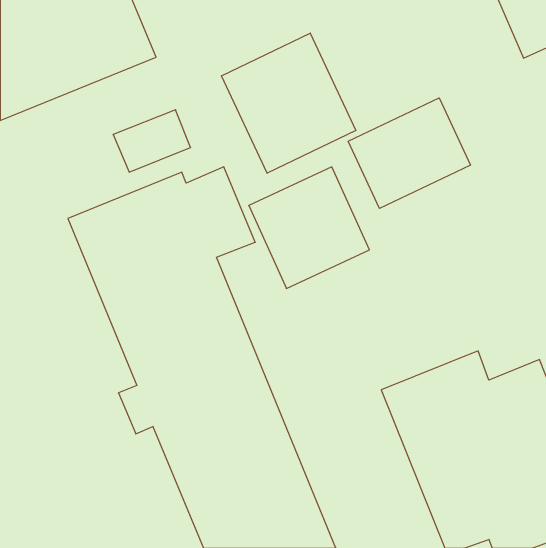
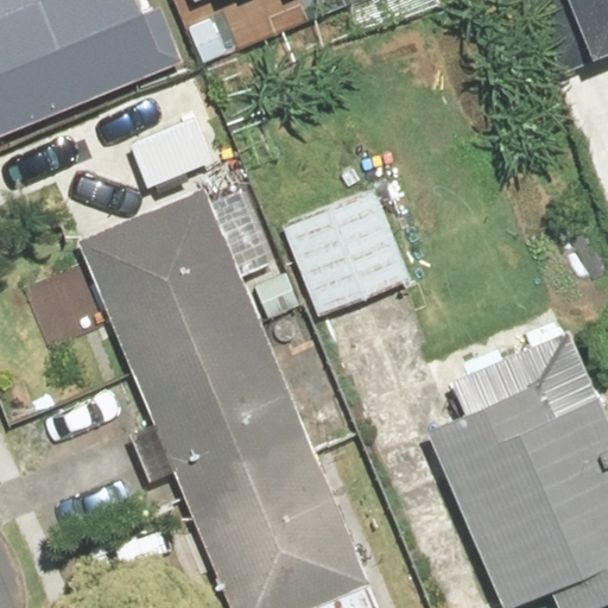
building: [222,33,356,173] -> none
building: [348,98,470,208] -> none

